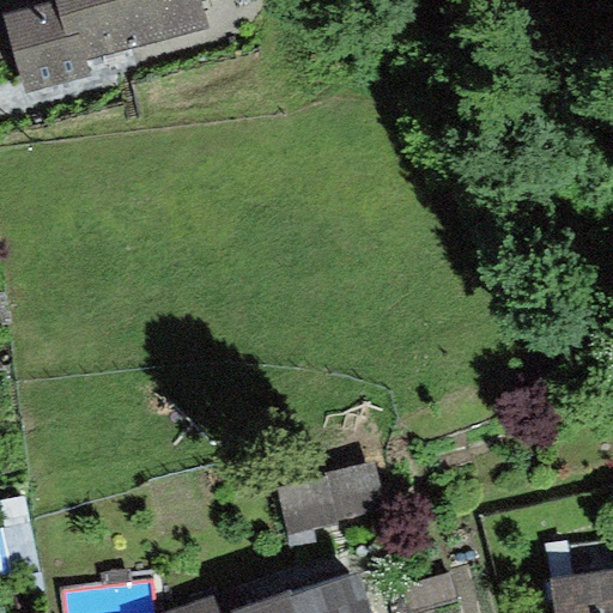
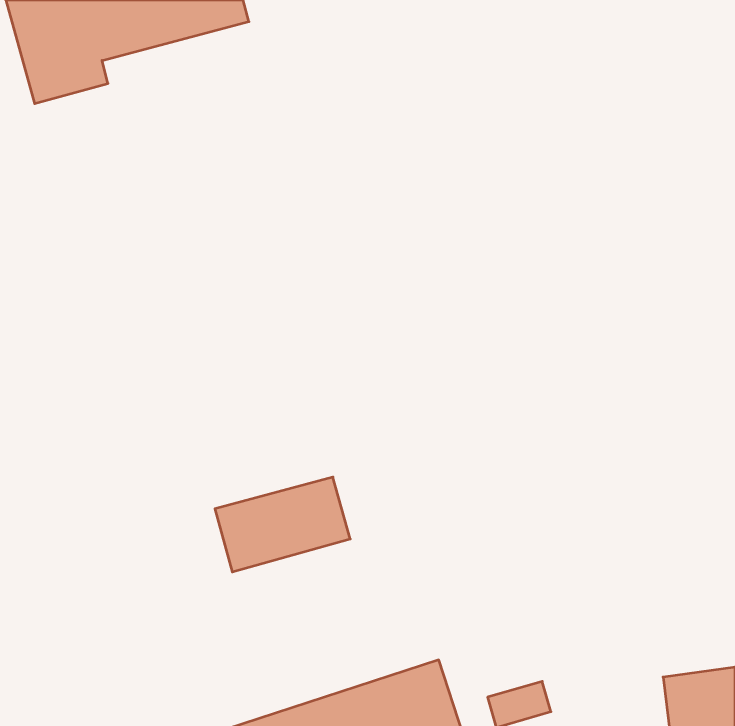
building: [275,461,388,540] -> [215,477,350,572]

